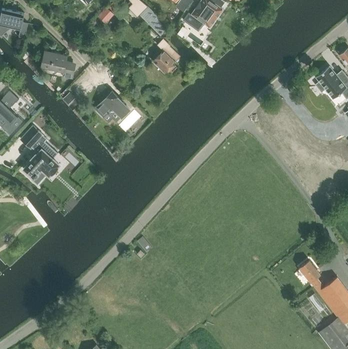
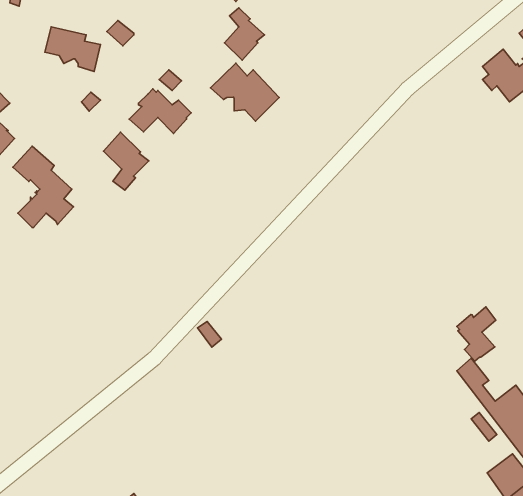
building: none -> [210,63,279,121]
building: none -> [104,132,149,190]
building: none -> [457,307,496,361]

